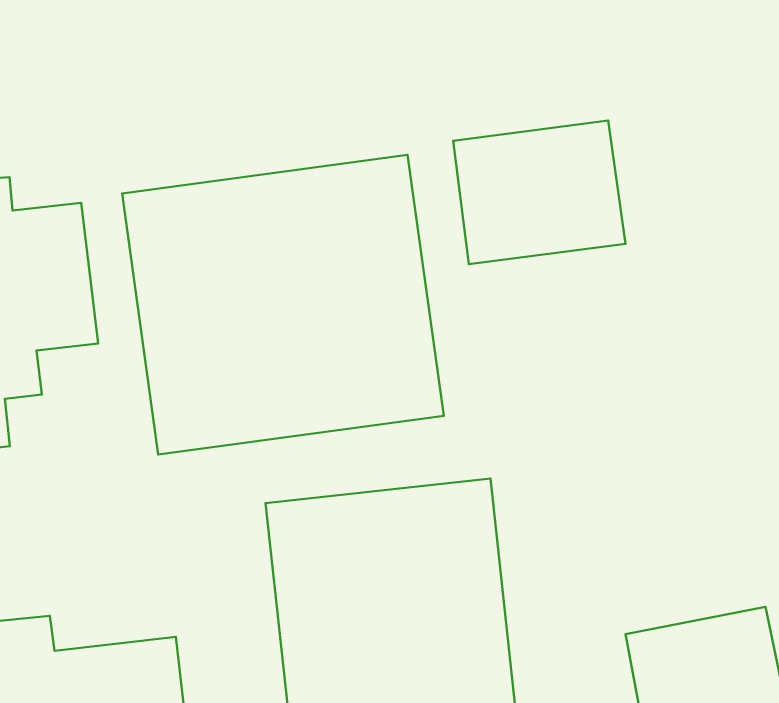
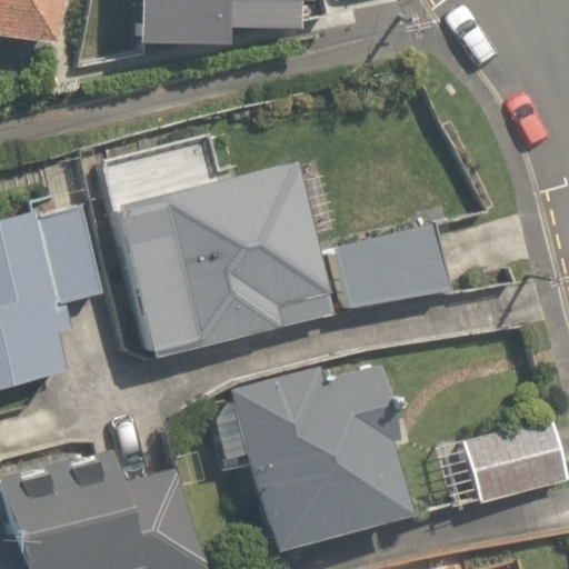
building: [453,120,625,264] -> [331,209,449,311]

